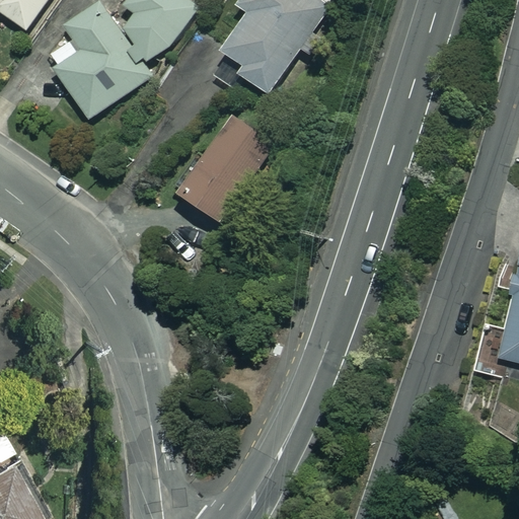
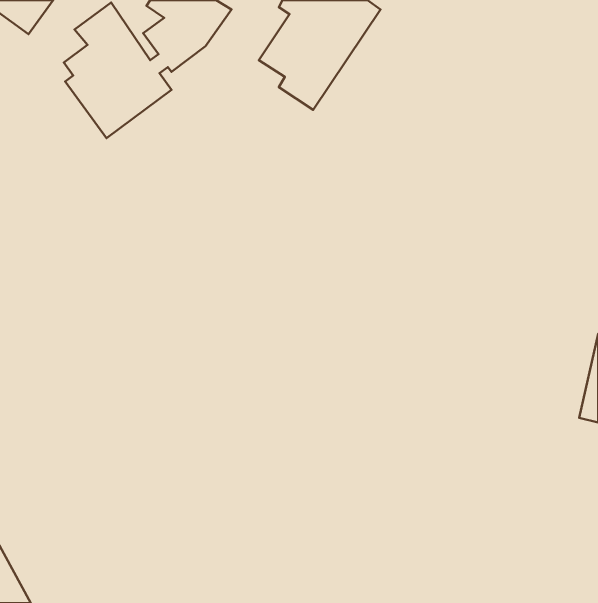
building: [178,116,276,222] -> none

